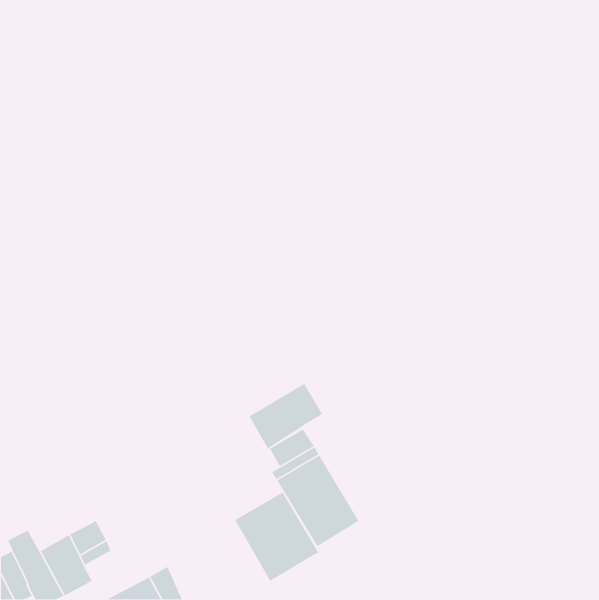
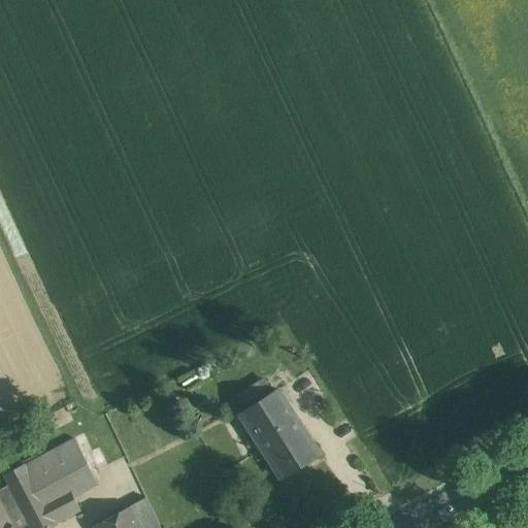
building: [249,383,323,449] -> none
building: [234,491,319,582] -> none
building: none -> [26,438,86,484]

